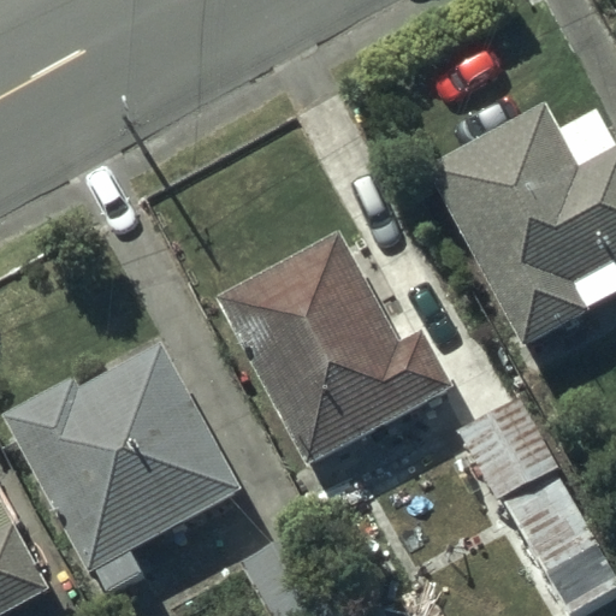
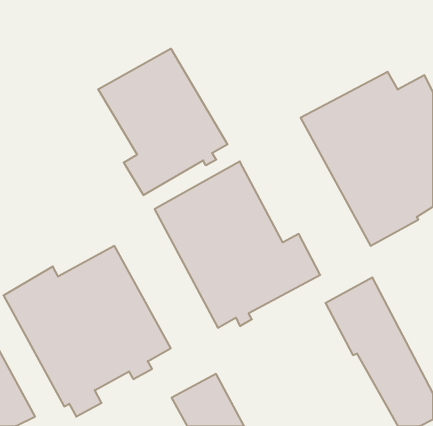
building: none -> [98,49,227,195]

